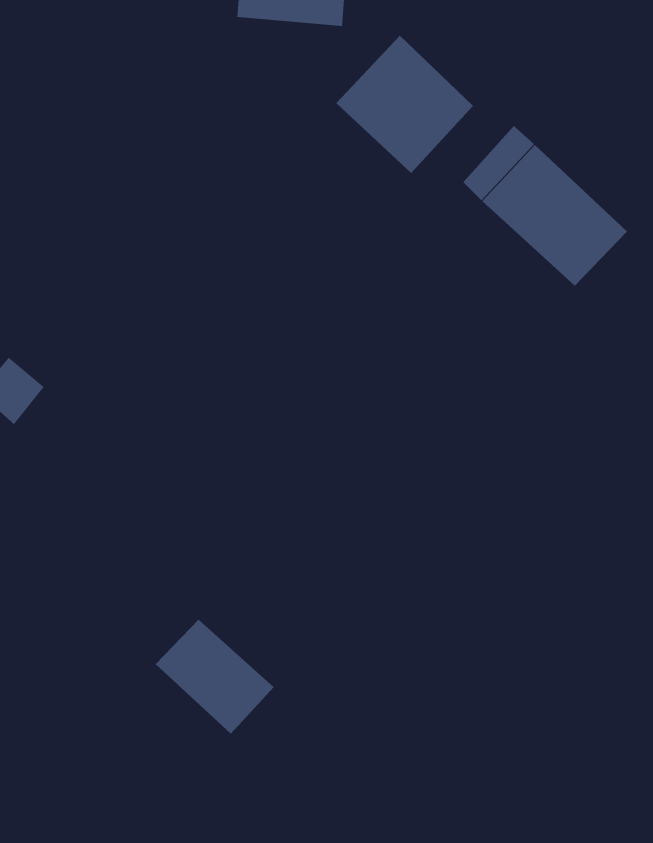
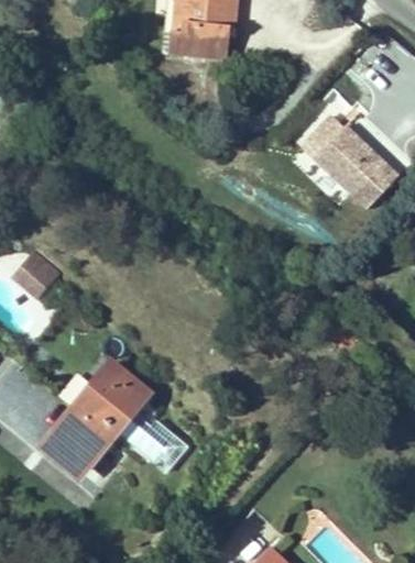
building: [335,35,474,174] -> none
building: none -> [48,361,144,466]

